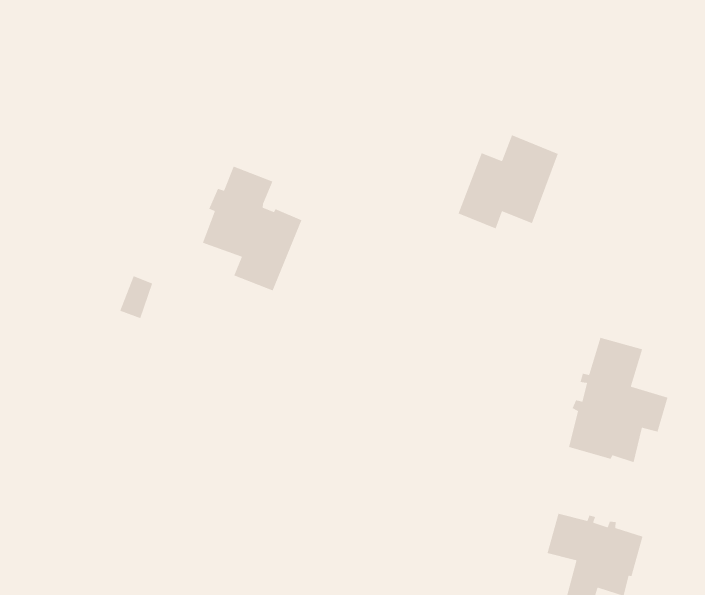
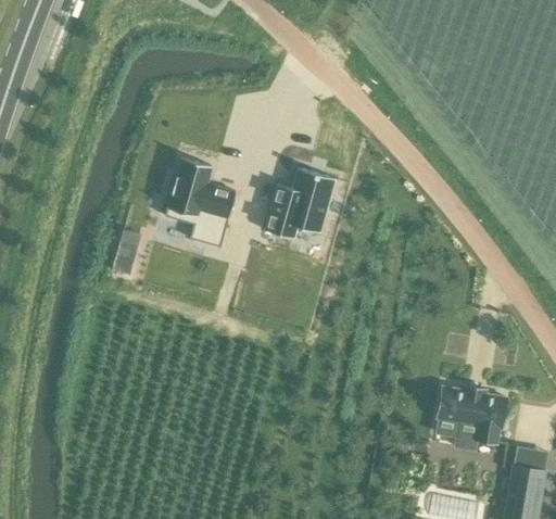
building: [457,134,559,230] -> [264,167,333,238]
building: [568,337,669,463] -> none

